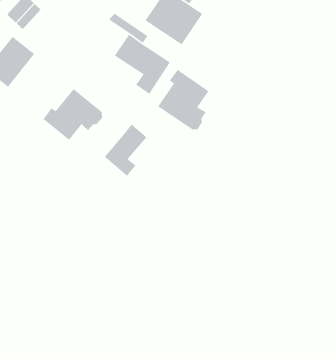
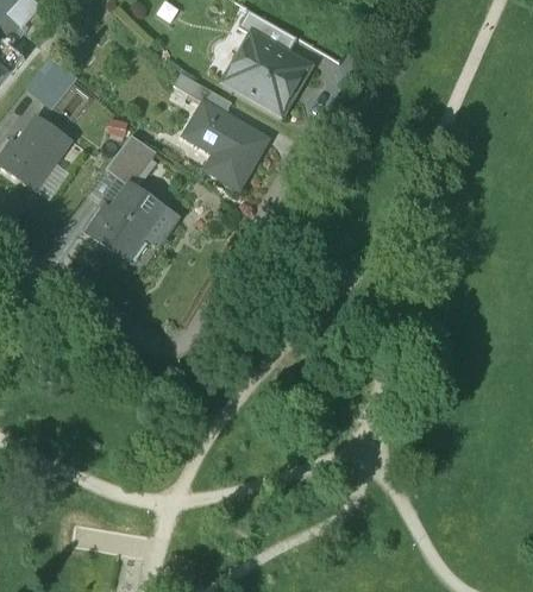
building: none -> [105,136,150,185]
building: [157,69,209,131] -> none
building: [104,123,148,177] -> none

